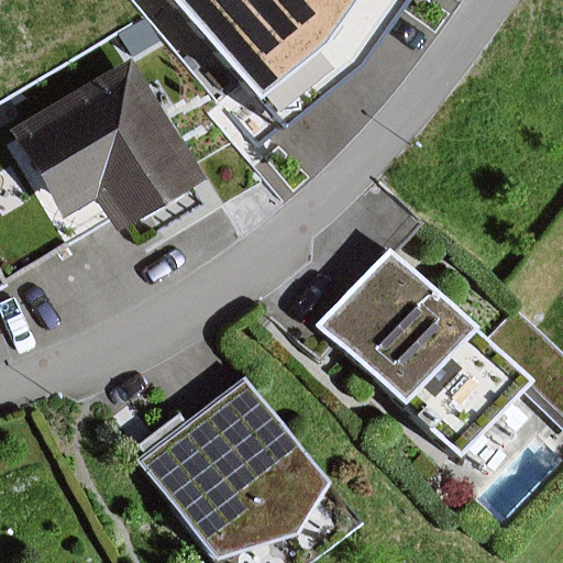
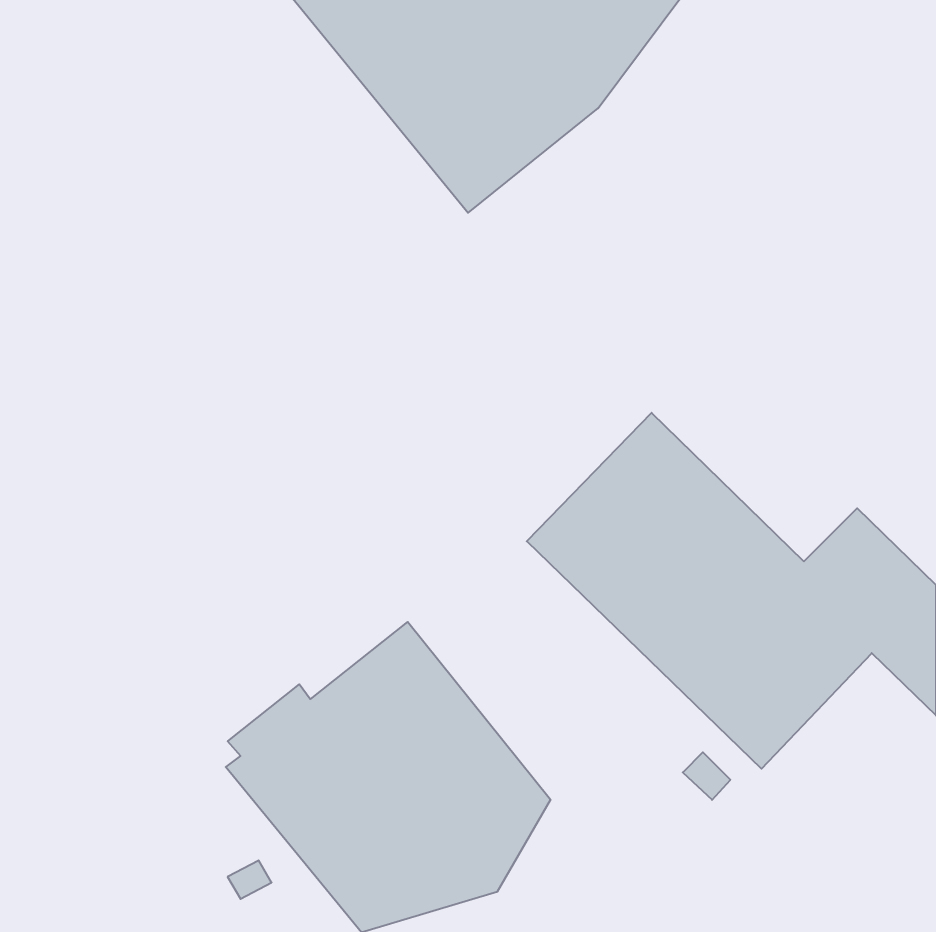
building: [9,54,206,231] -> none

